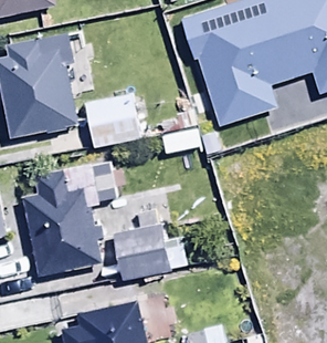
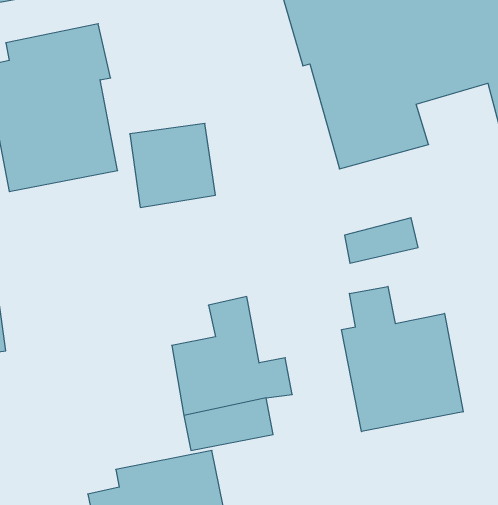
building: [23,170,103,277] -> none
building: none -> [342,286,463,432]

